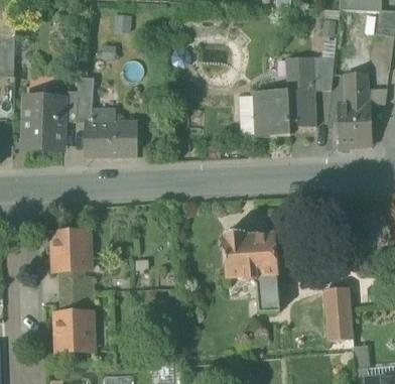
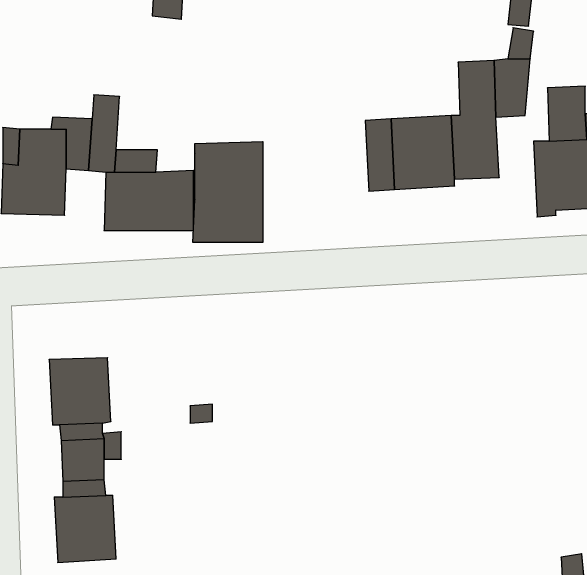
building: none -> [193,142,263,242]
building: [224,225,279,310] -> none
building: [325,285,352,340] -> none

